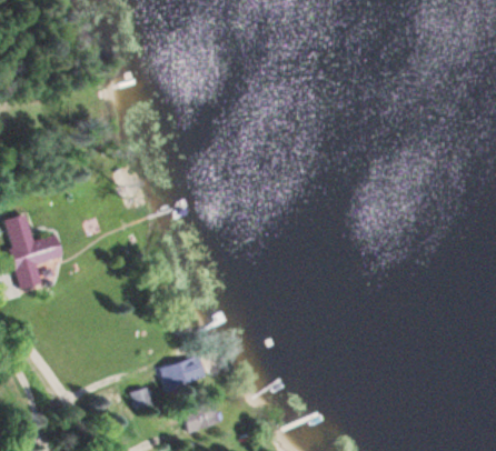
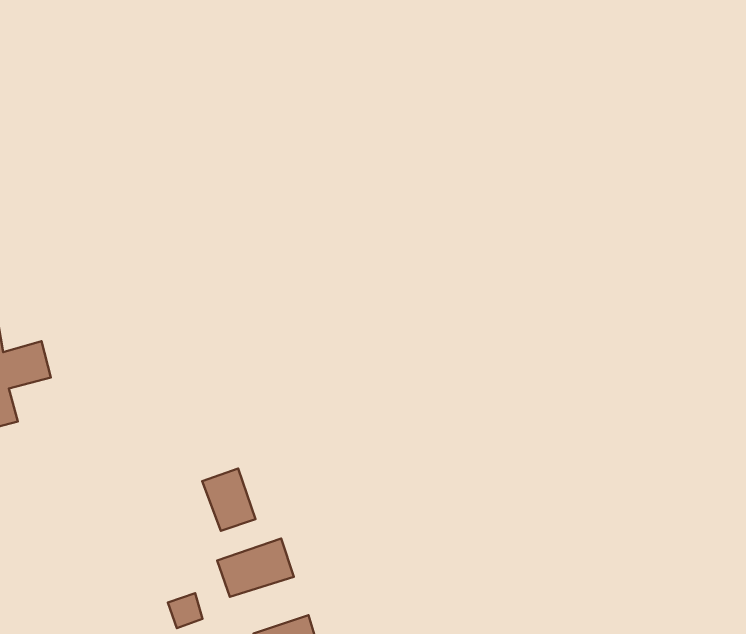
building: none -> [202,468,256,531]

